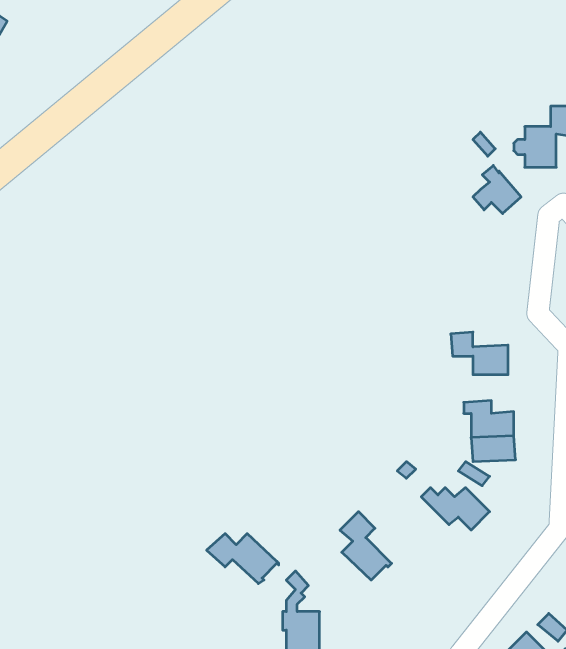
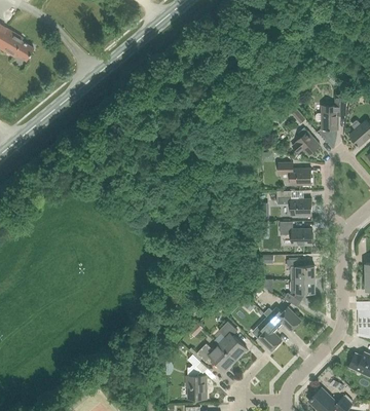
building: none -> [279,162,310,185]
building: none -> [276,191,311,216]
building: none -> [258,316,282,350]
building: [207,534,279,584] -> [196,343,236,371]

